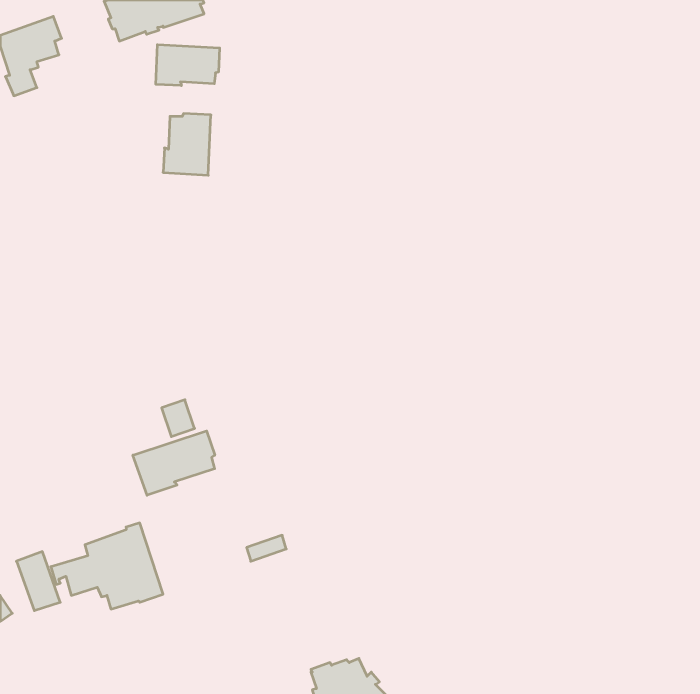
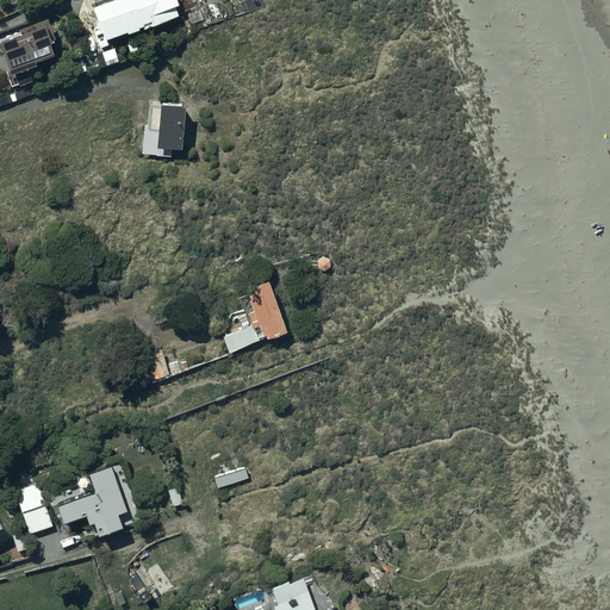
building: [156,45,220,86] -> none
building: none -> [222,281,287,353]
building: [133,431,215,495] -> none

